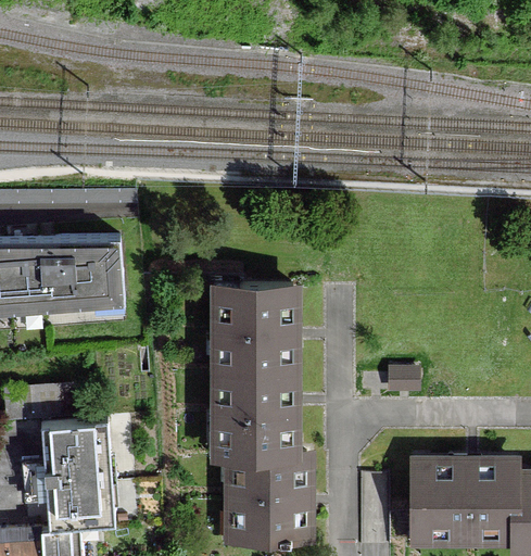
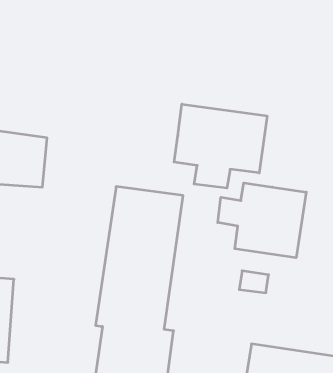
building: none -> [174,104,267,188]
building: none -> [218,183,306,258]

